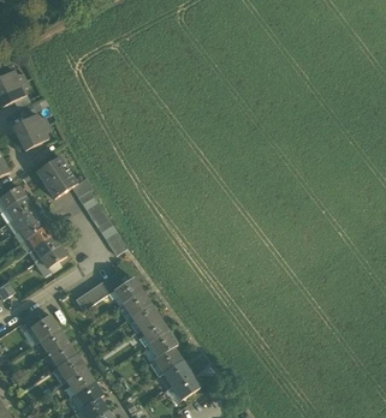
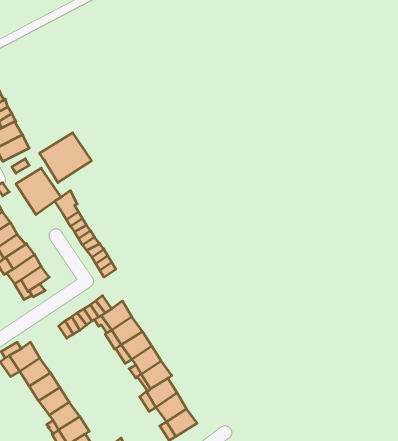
building: none -> [40,133,91,183]

